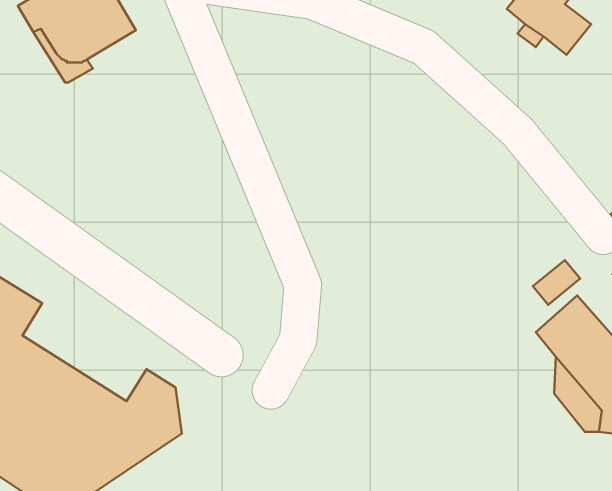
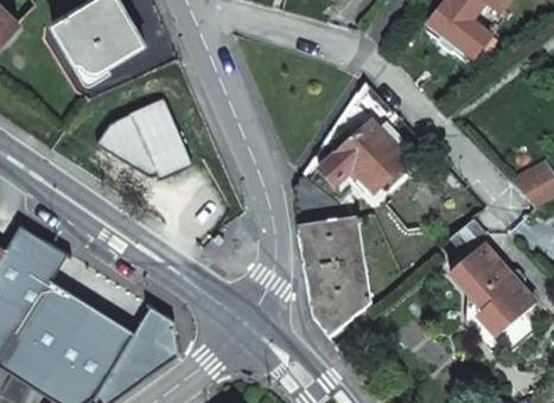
building: none -> [98,96,191,178]
building: none -> [317,121,408,194]
building: none -> [297,217,370,338]

